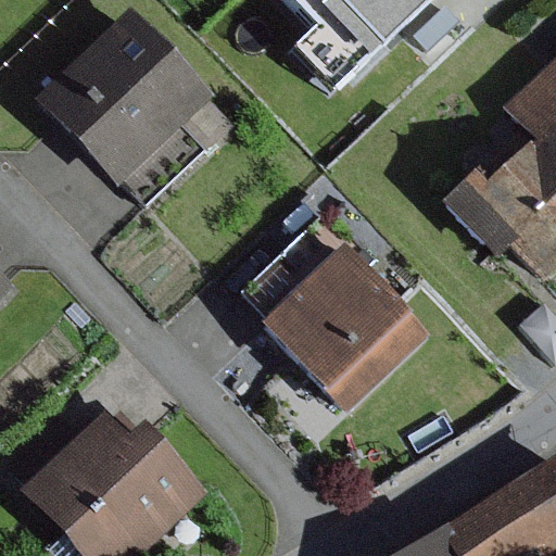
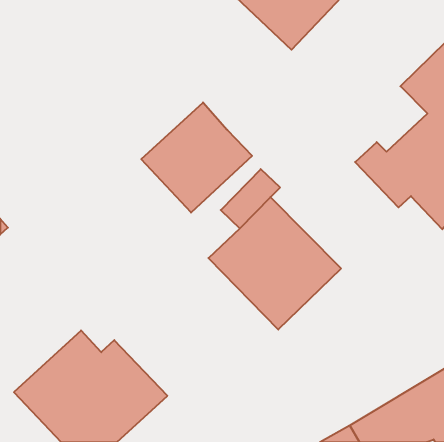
building: [35,10,211,186] -> none
building: none -> [141,102,252,213]

